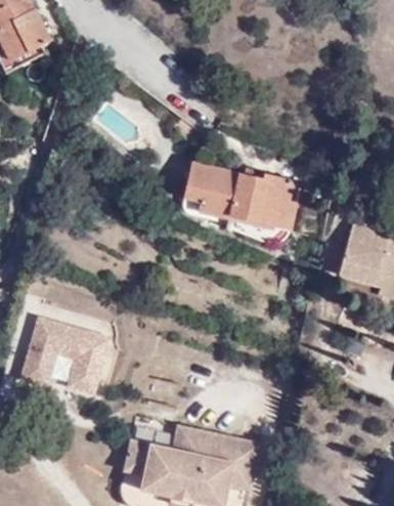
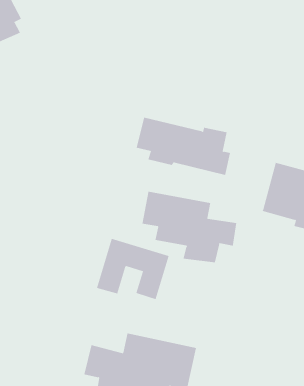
building: none -> [142,191,237,263]
building: [19,323,110,398] -> [96,238,170,300]

